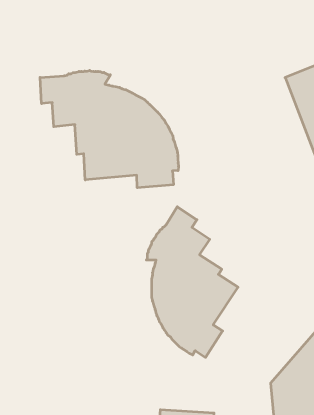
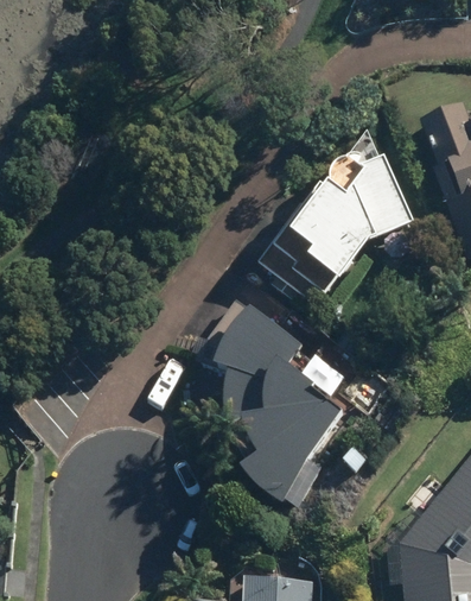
building: [40,70,178,188] -> none
building: none -> [261,150,416,299]

